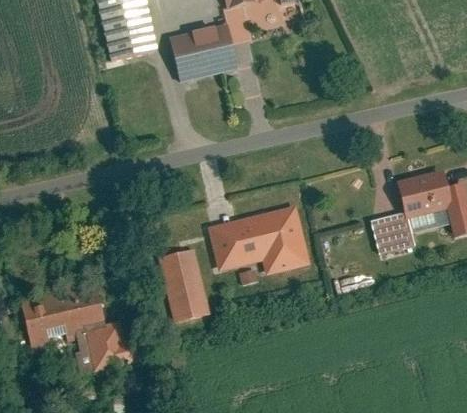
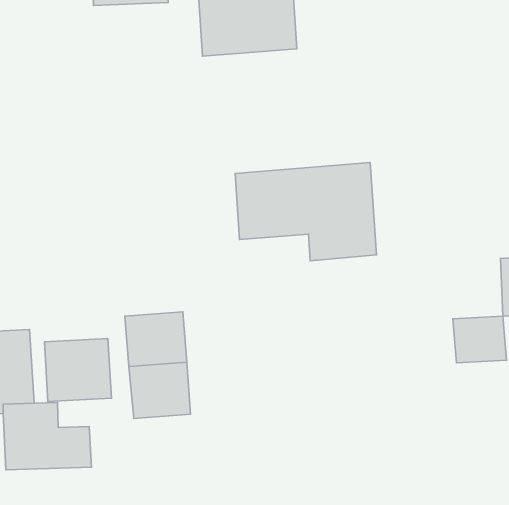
building: [208,205,308,275] -> [235,162,376,261]
building: none -> [44,338,111,402]

